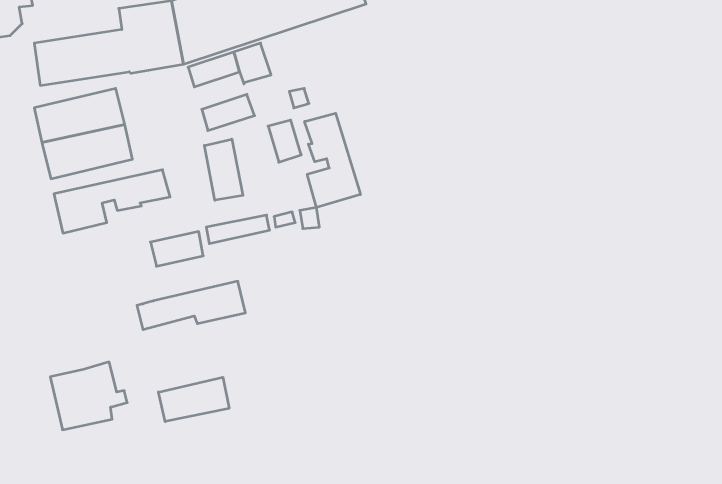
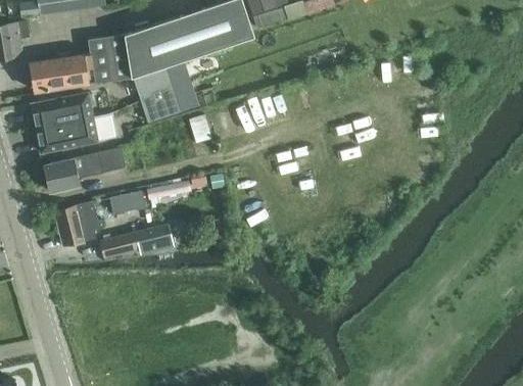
building: [305,113,360,207] -> none
building: [204,139,243,200] -> none
building: [50,362,127,430] -> [54,200,106,246]
building: [158,377,229,422] -> none

